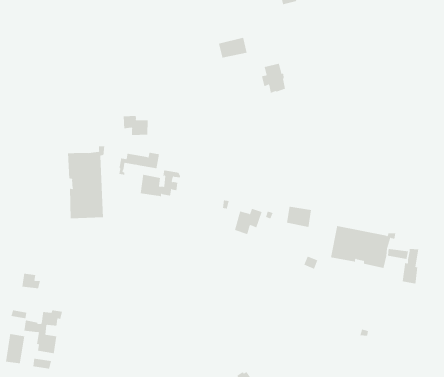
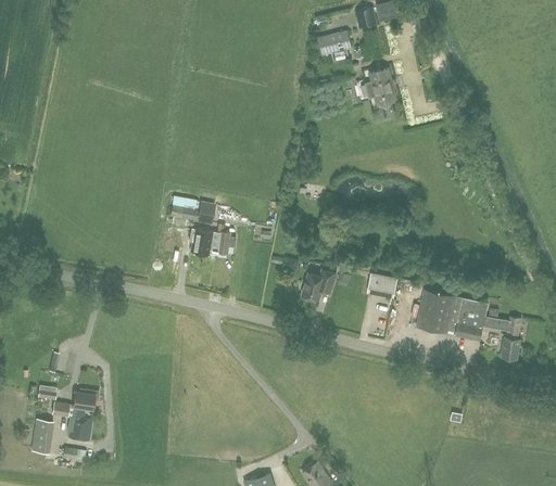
building: [218,37,247,58] -> [317,30,352,55]
building: [261,63,286,93] -> [366,68,395,104]
building: [123,115,148,136] -> none
building: [67,145,105,219] -> none

